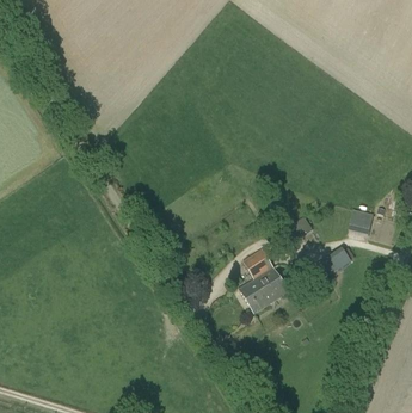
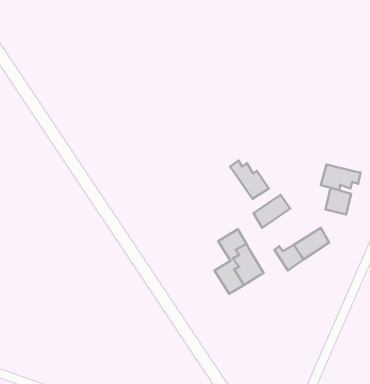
building: none -> [230,160,269,199]
building: none -> [321,165,360,190]

